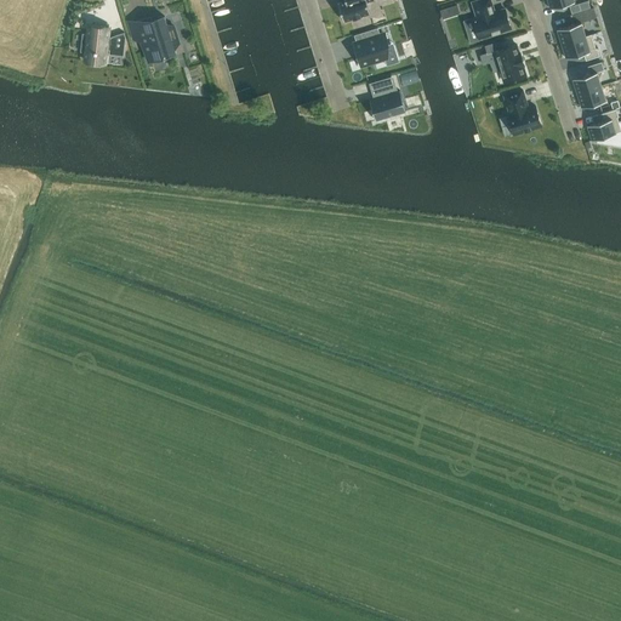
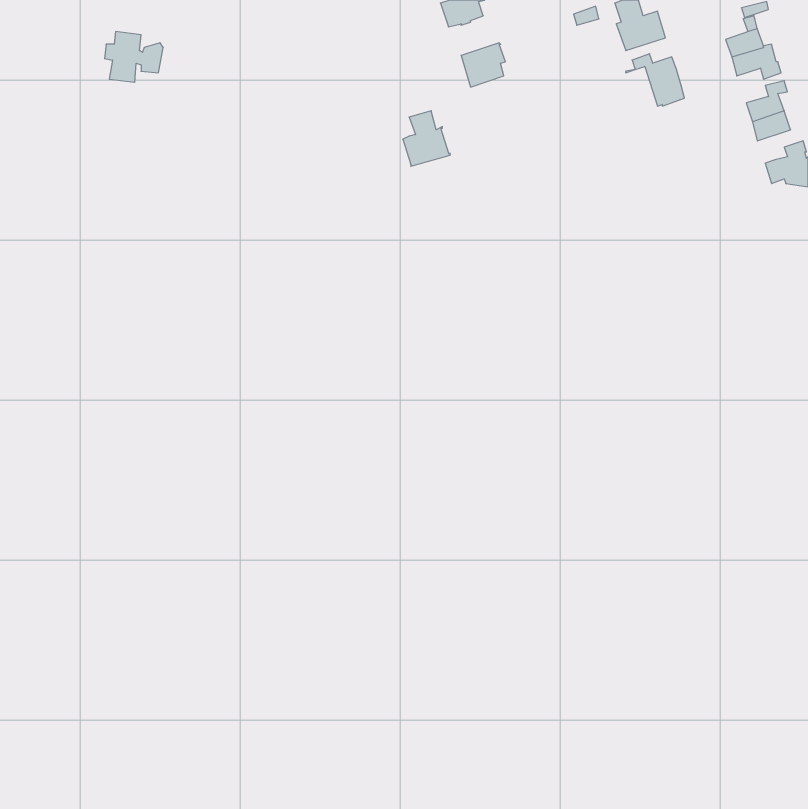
building: [130,16,178,61] -> none
building: [369,78,405,120] -> [403,111,450,166]
building: [502,90,540,135] -> none

